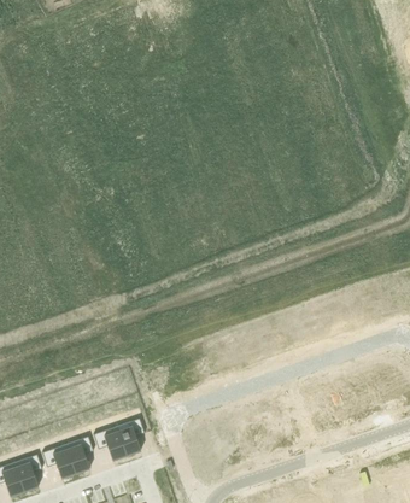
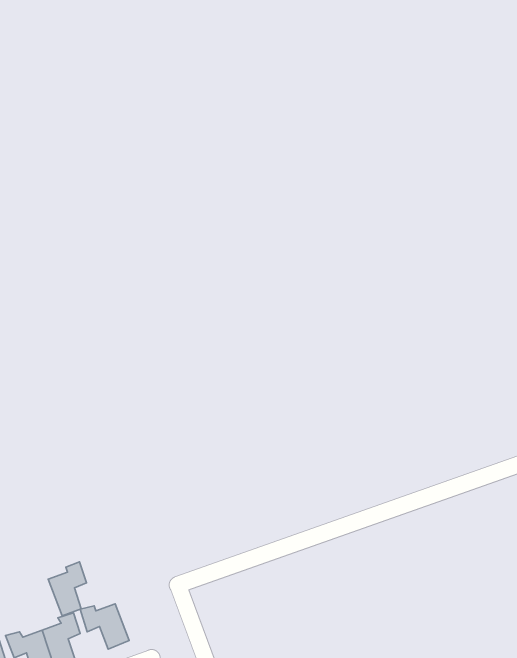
building: [117,417,143,455] -> [48,562,87,616]

